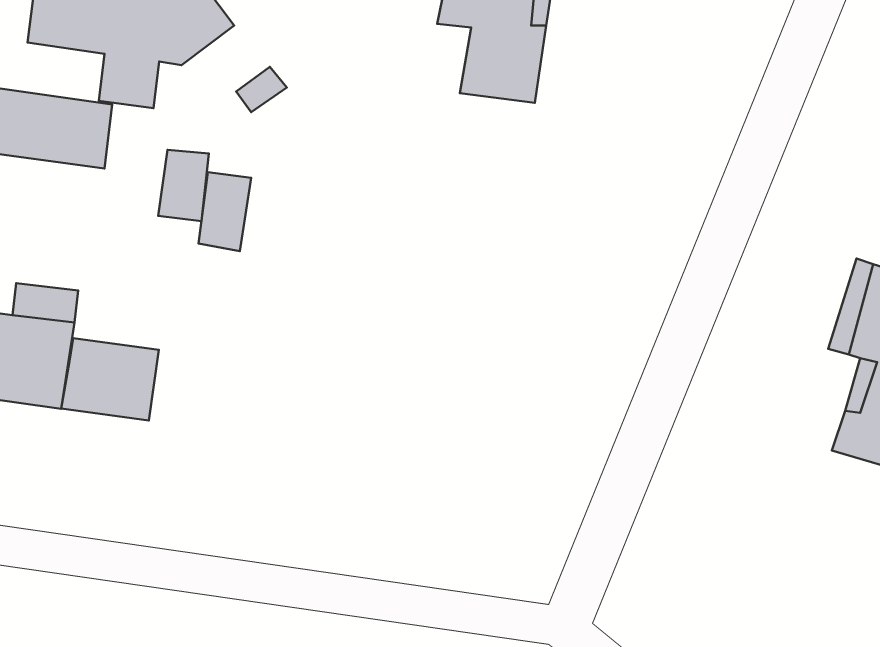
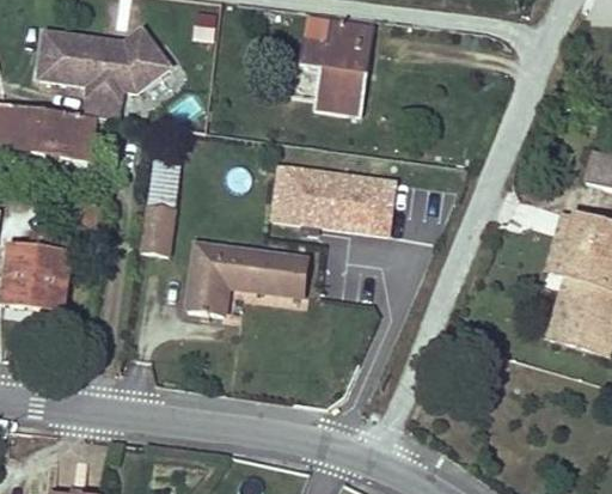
building: [158,150,209,221] -> [141,208,173,254]
building: none -> [273,169,397,230]
building: none -> [186,242,305,311]
building: [61,338,159,420] -> none

